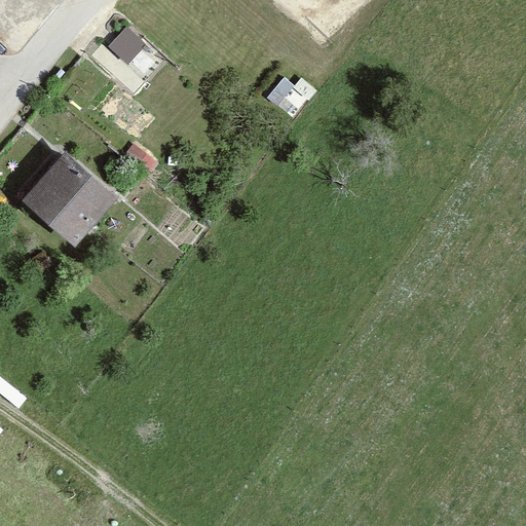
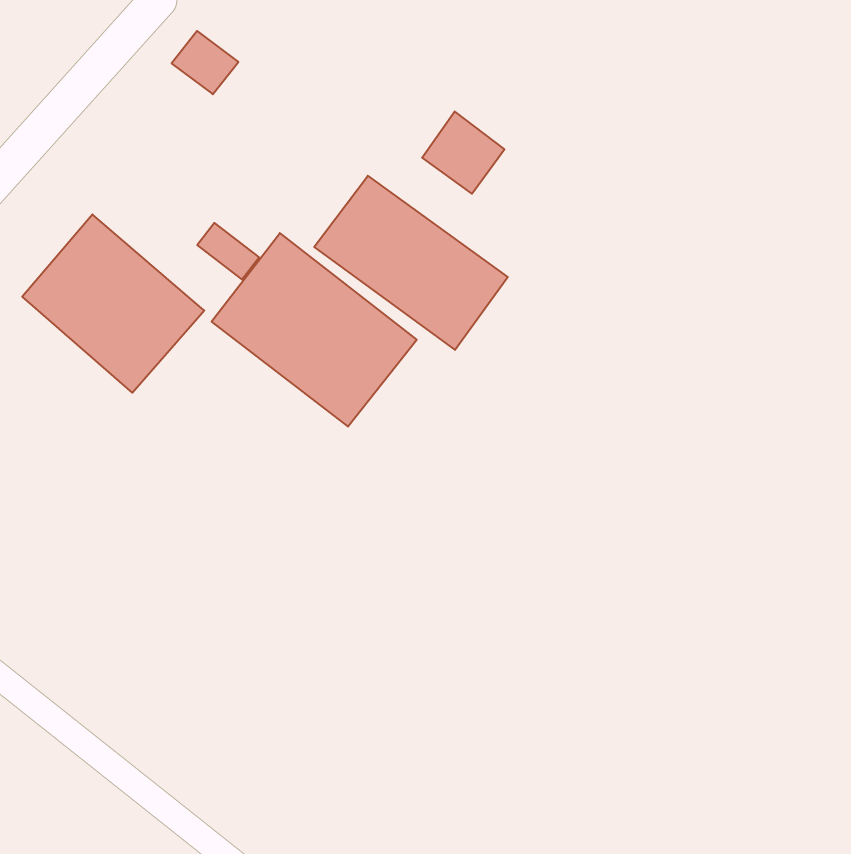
building: none -> [314,176,508,350]
building: none -> [212,233,417,427]

